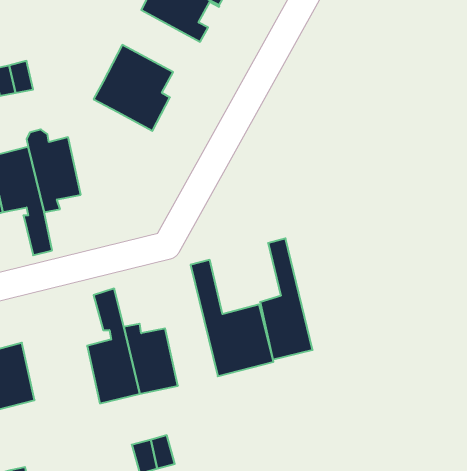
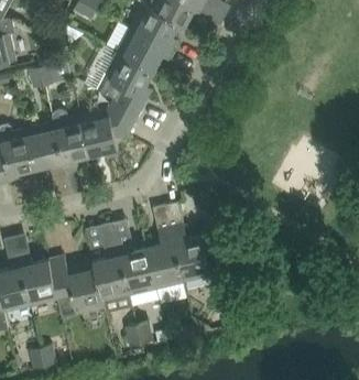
building: none -> [118,29,172,72]
building: none -> [80,99,139,160]
building: [260,238,313,359] -> [148,205,184,289]
building: none -> [48,256,105,317]

